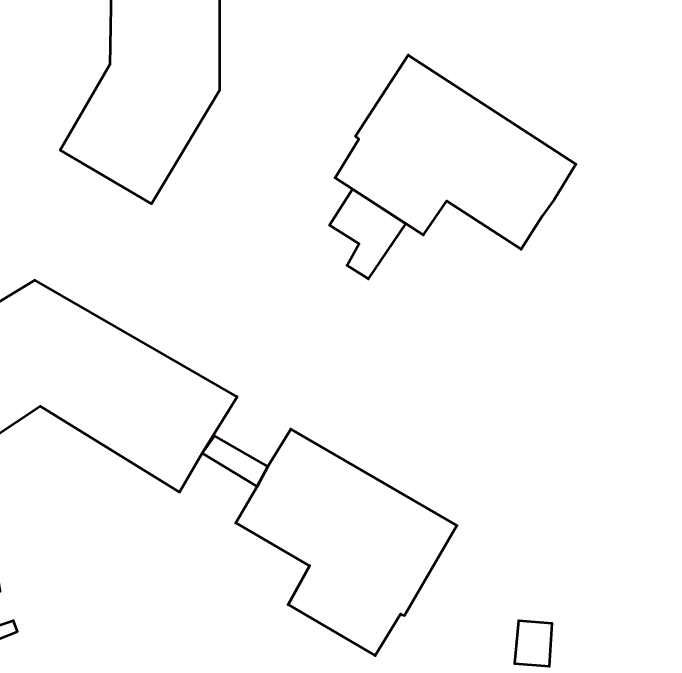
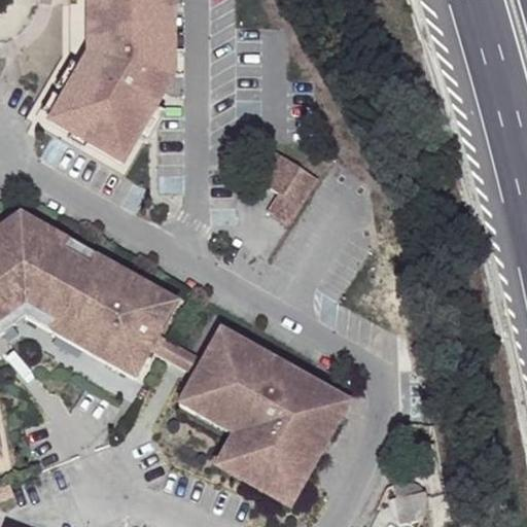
building: [335,55,576,249] -> none

